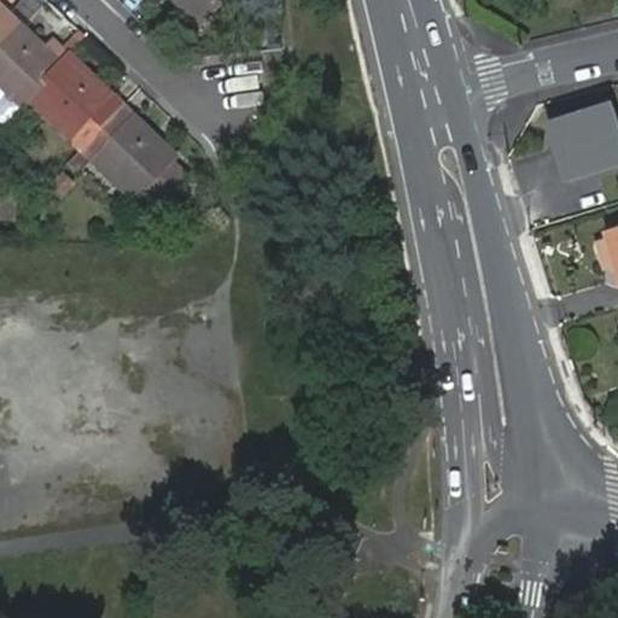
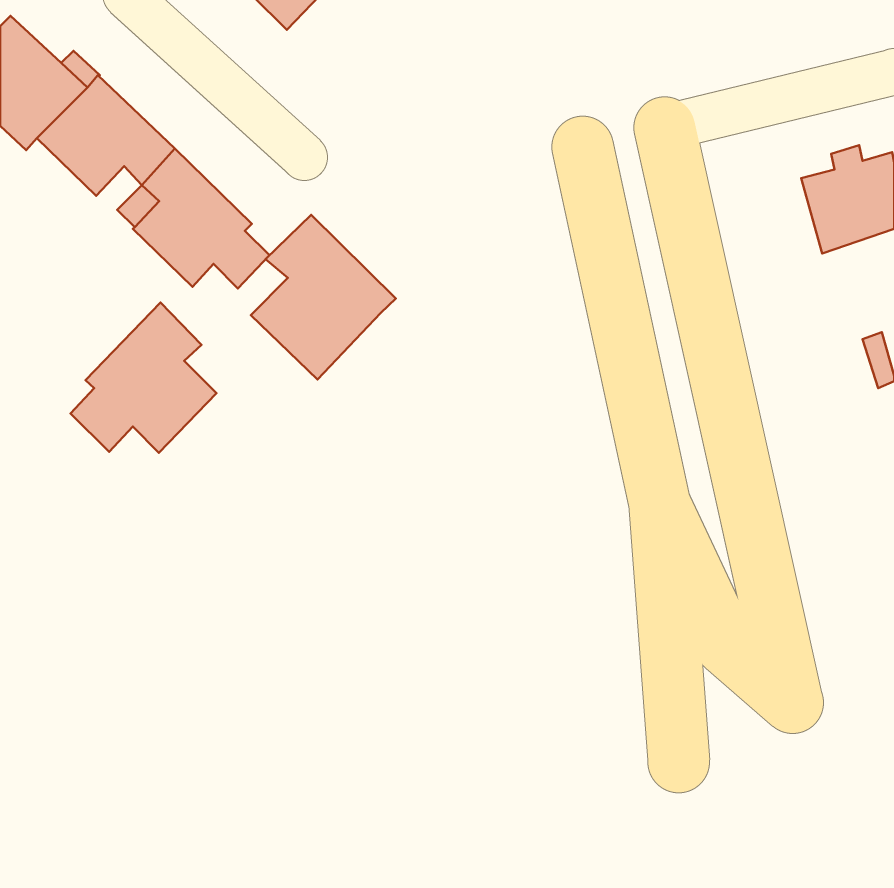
building: none -> [251,215,396,380]
building: none -> [70,302,217,453]

